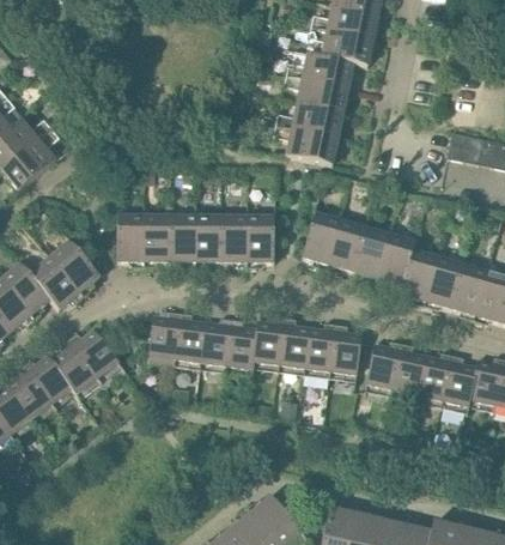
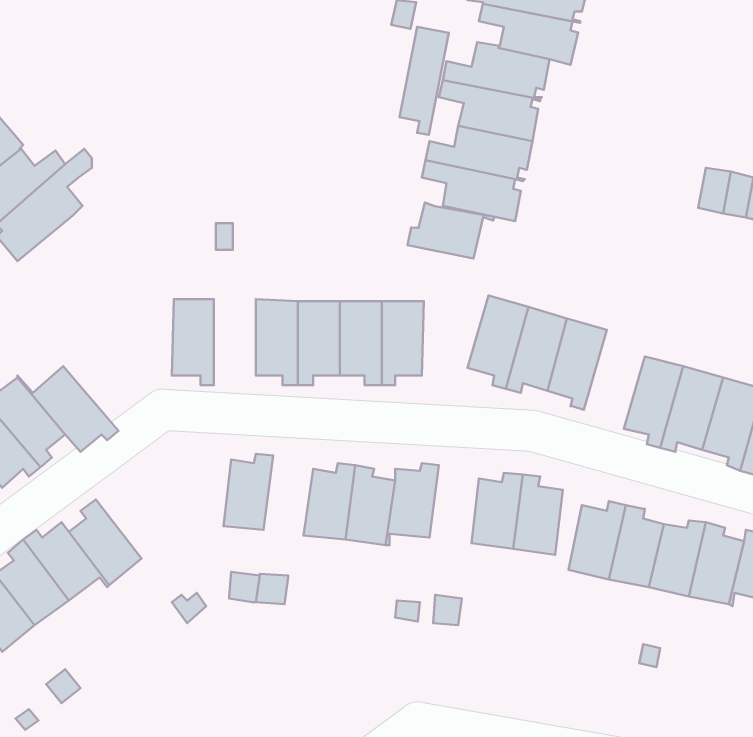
building: none -> [399,27,449,135]
building: none -> [407,203,494,258]
building: [142,214,169,268] -> none
building: [375,234,415,296] -> none
building: [48,240,99,297] -> none
building: [174,313,205,363] -> none
building: [278,319,309,368] -> none
building: [68,329,117,377] -> none

